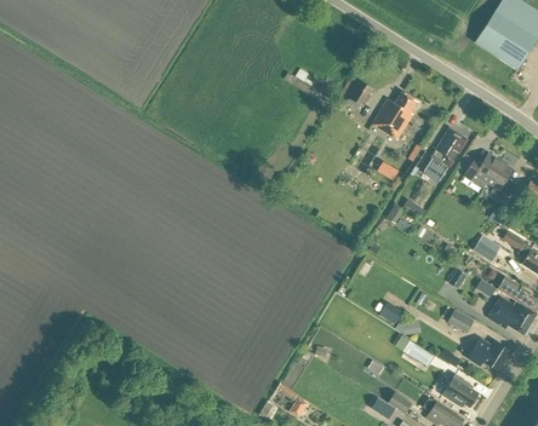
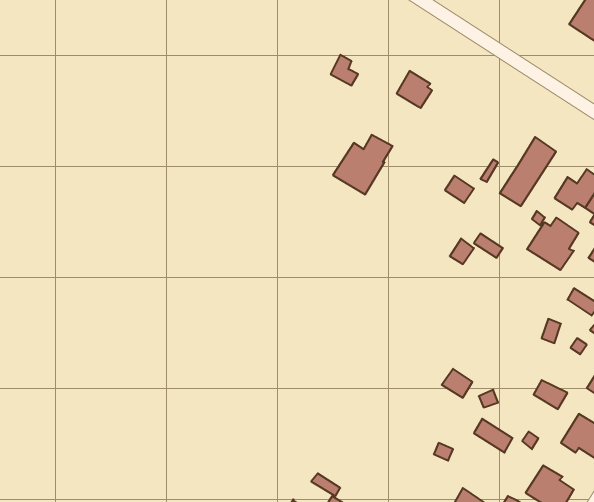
building: [373,92,418,137] -> [333,135,393,194]
building: none -> [527,218,578,270]

